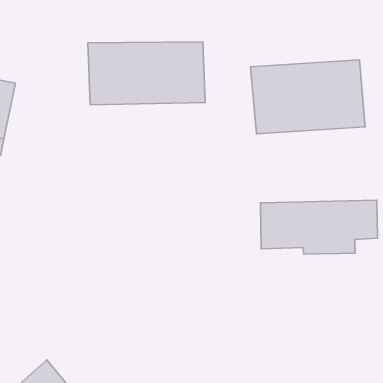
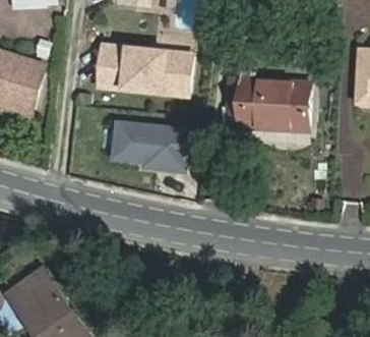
building: [261,200,378,254] -> [113,122,204,169]

